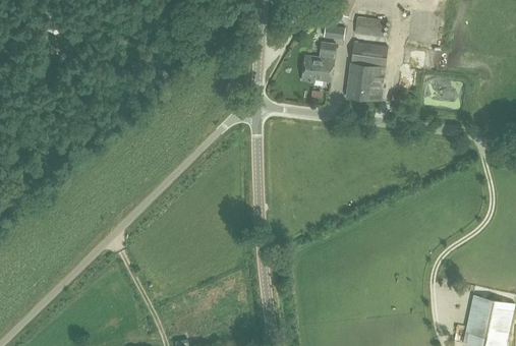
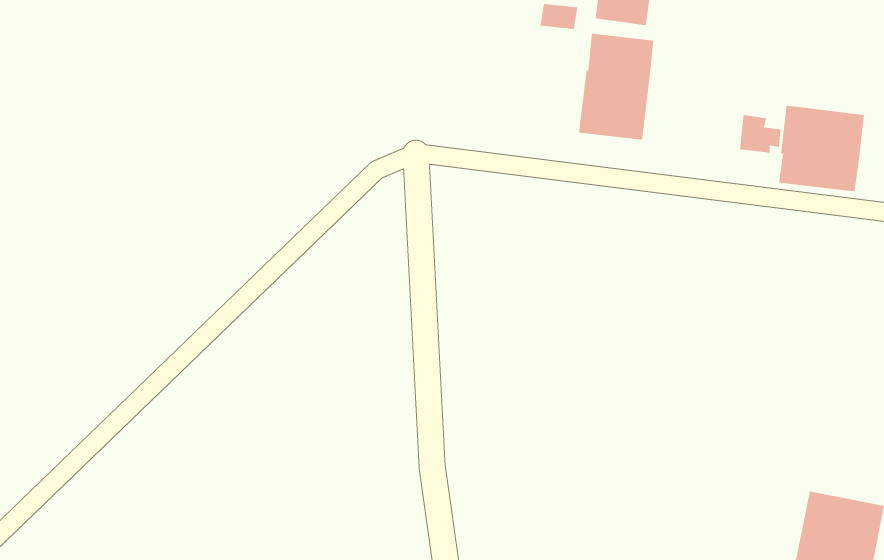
building: [301,42,336,82] -> none
building: none -> [778,105,865,192]

